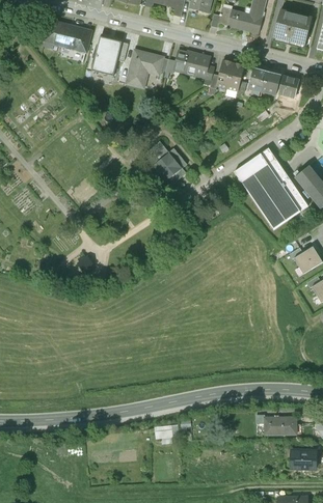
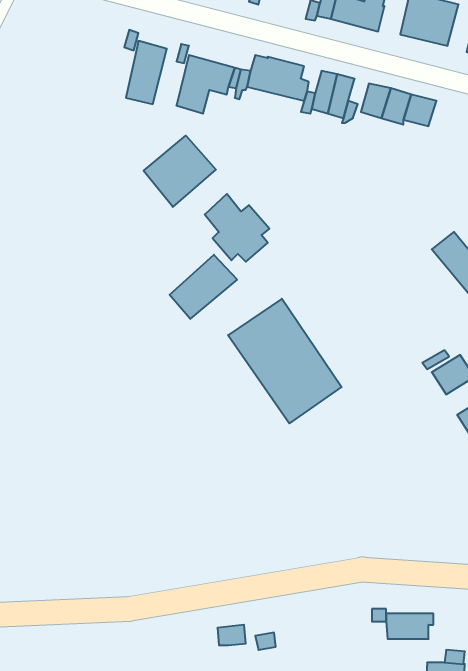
building: [44,20,93,53] -> none
building: none -> [144,136,216,207]
building: [234,148,308,230] -> [228,299,342,423]
building: none -> [170,255,237,319]

